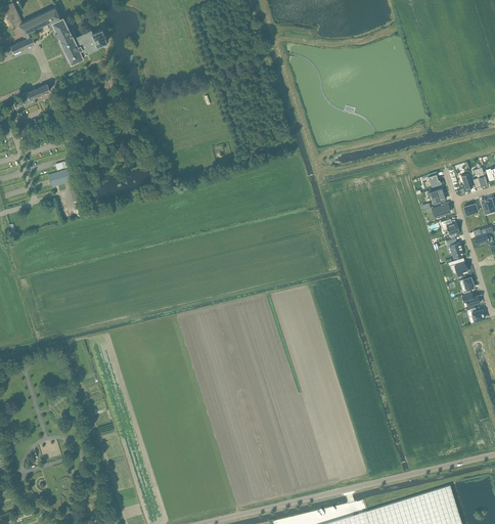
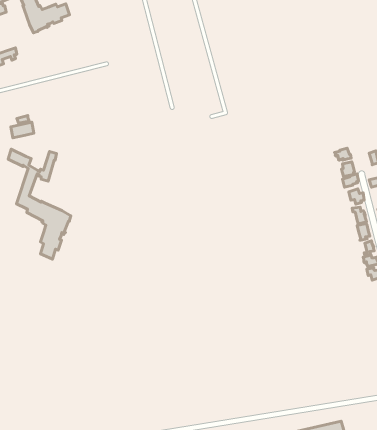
building: none -> [8,149,71,259]

